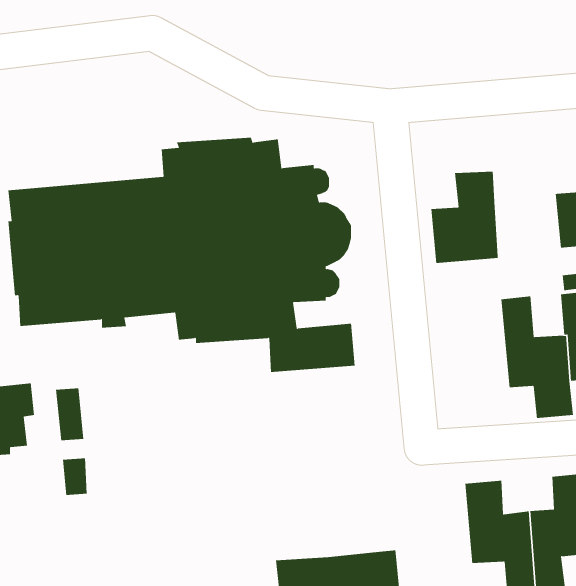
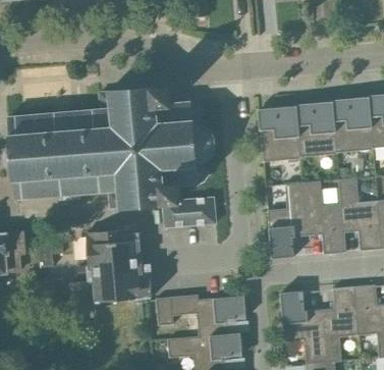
building: none -> [298,101,337,157]
building: none -> [267,182,307,258]
building: none -> [69,228,148,303]
building: none -> [155,295,245,336]

